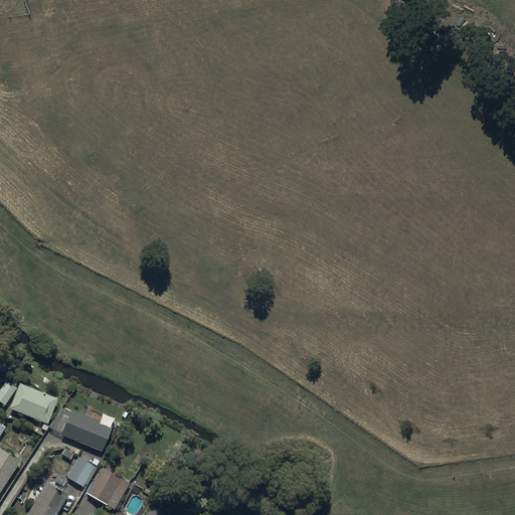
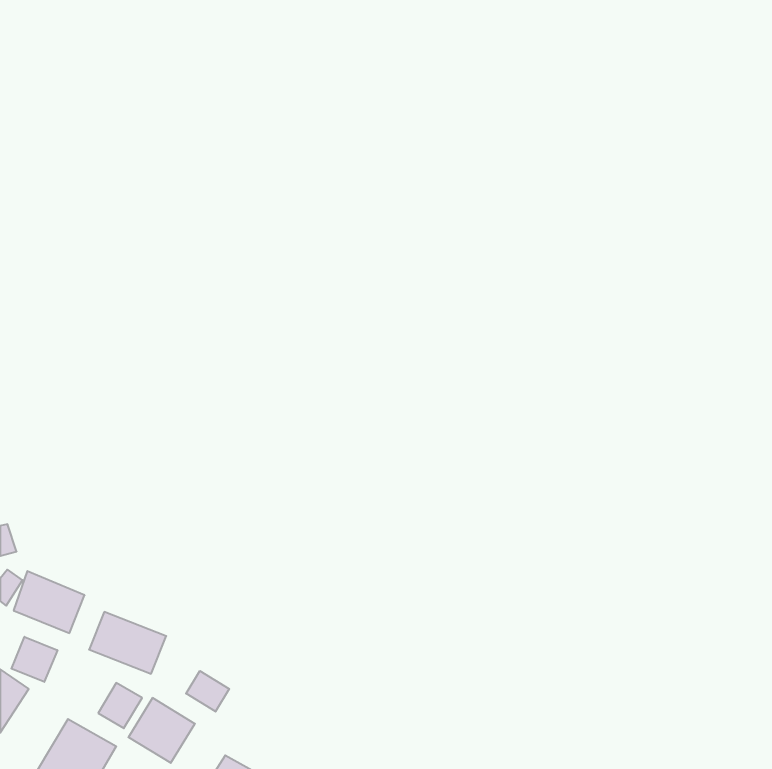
building: none -> [11,637,57,682]
building: none -> [186,671,229,712]

